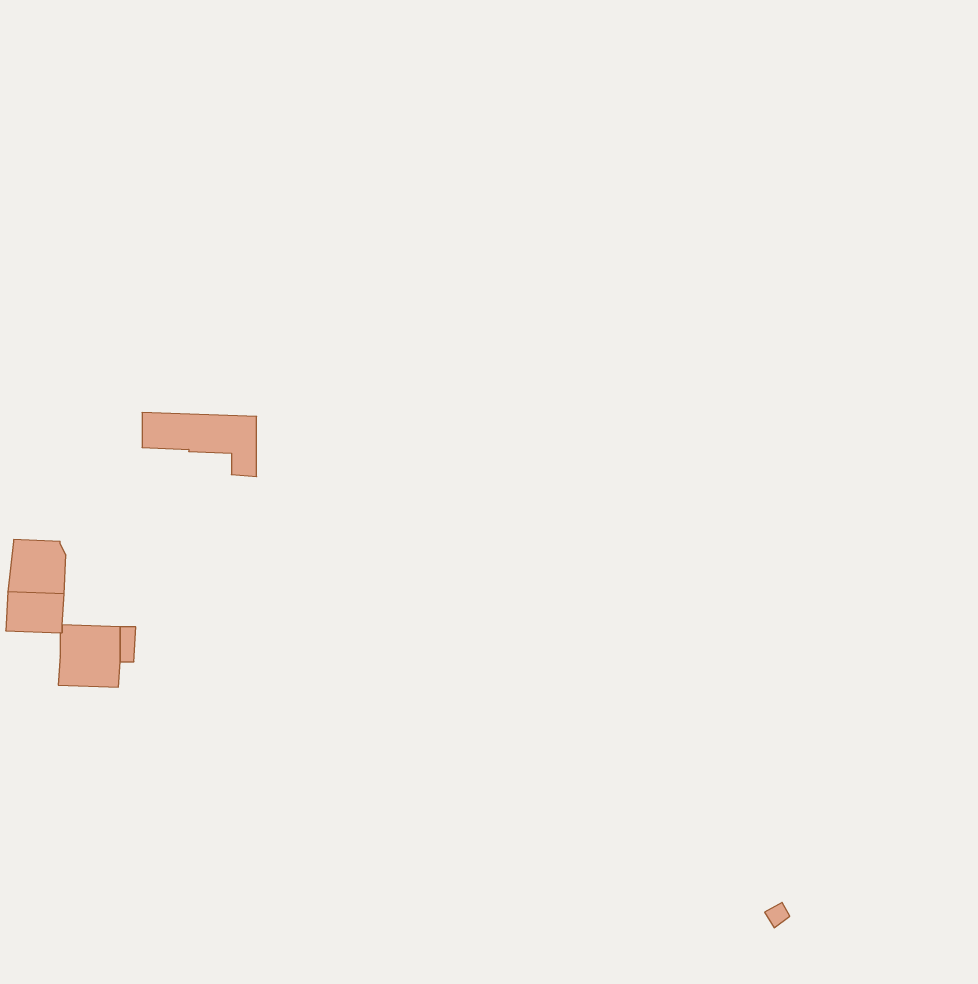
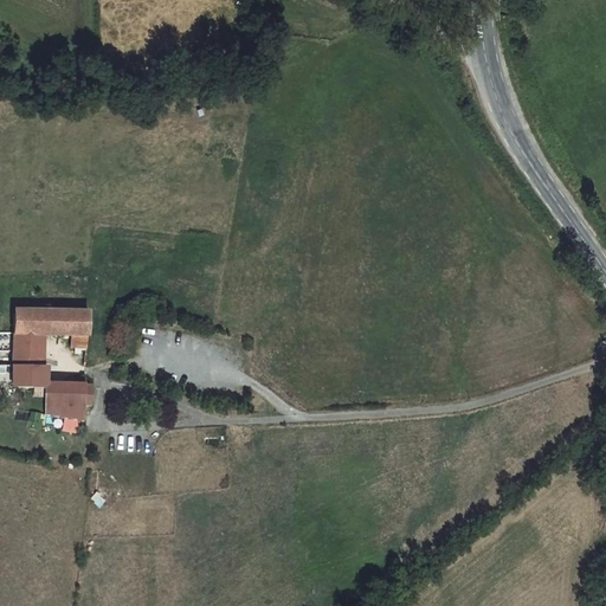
building: [142,413,257,477] -> [17,308,86,347]

